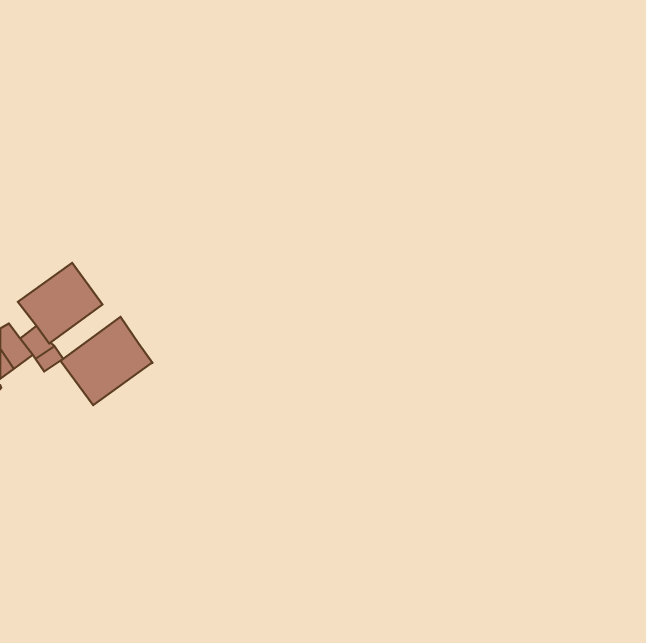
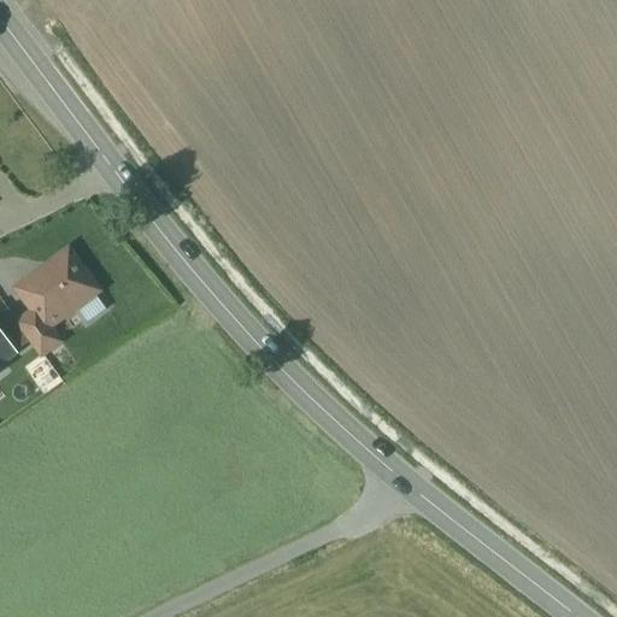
building: [61,317,153,405] -> none

